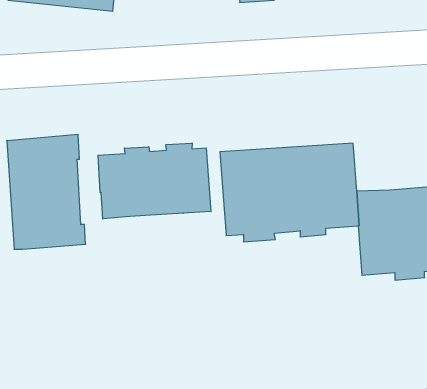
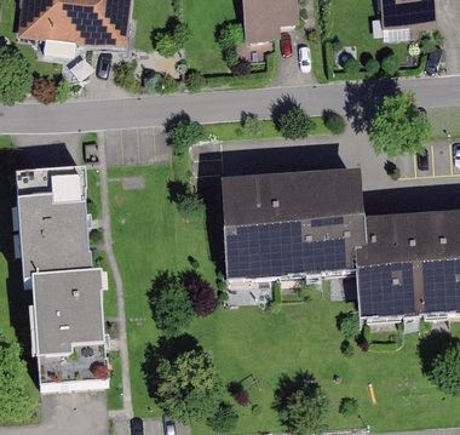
building: [98,143,211,219] -> none
building: none -> [33,275,110,388]

